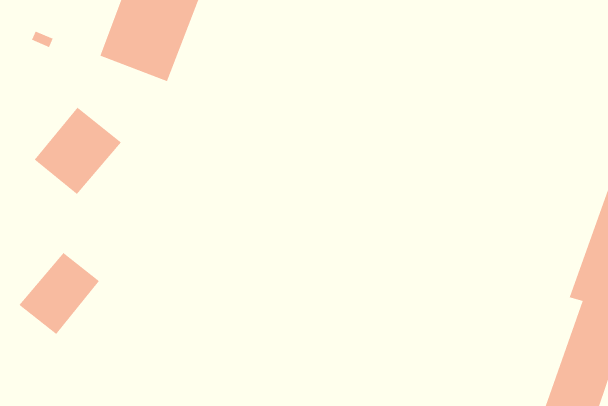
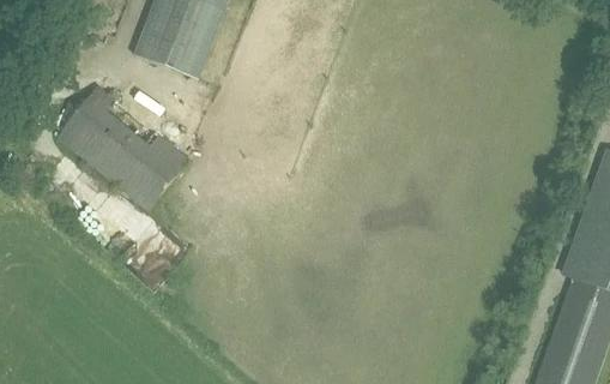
building: none -> [58,86,117,149]
building: [19,252,100,335] -> [114,133,188,209]

